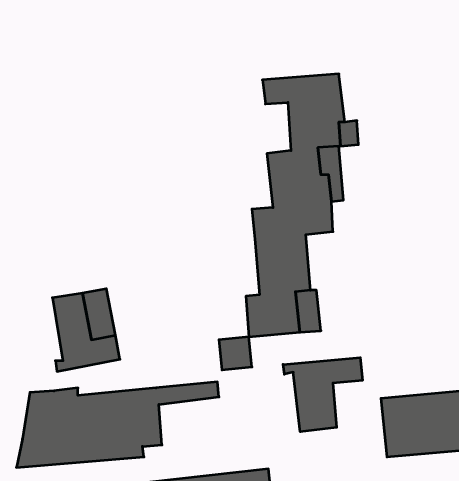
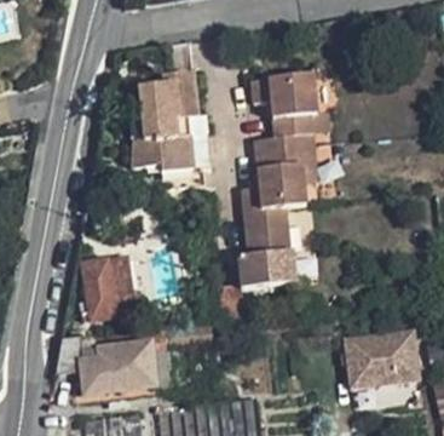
building: none -> [128,85,211,185]
building: [283,358,362,432] -> none

